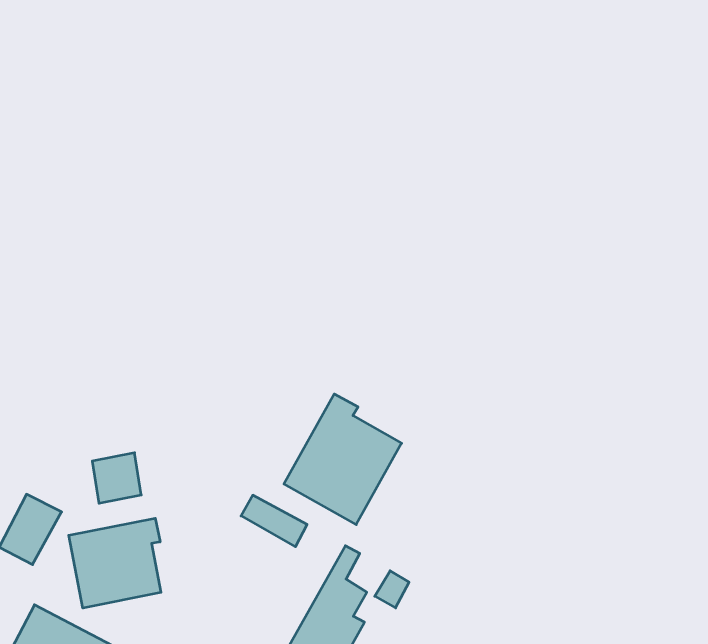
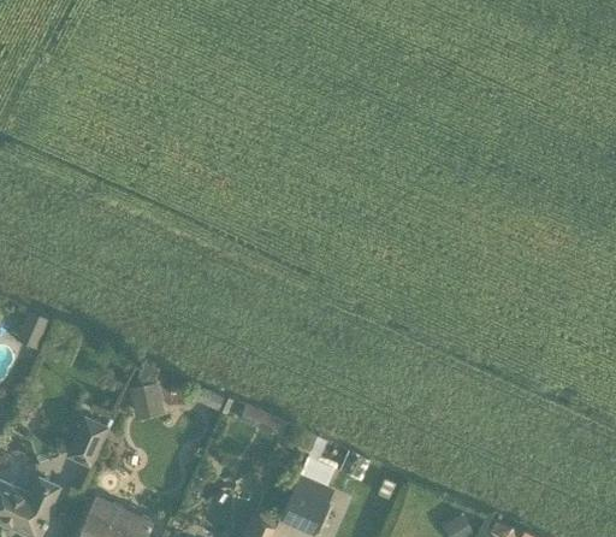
building: [284,394,402,525] -> none
building: [69,518,161,608] -> none

